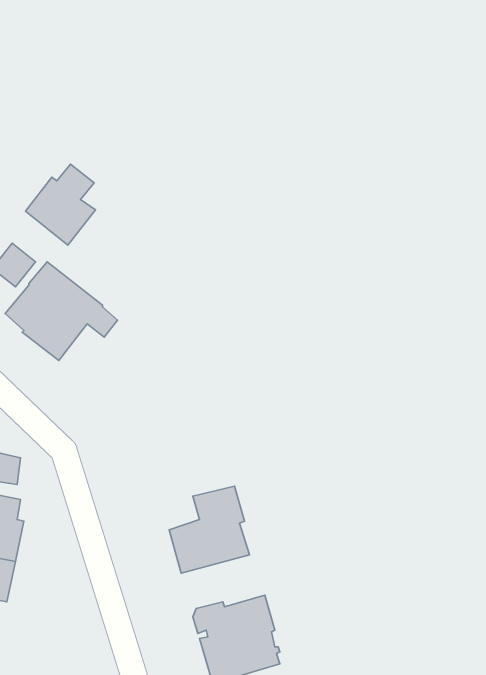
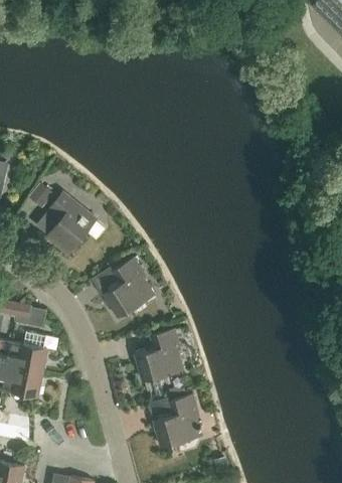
building: [25,164,96,245] -> none
building: none -> [104,258,154,318]

